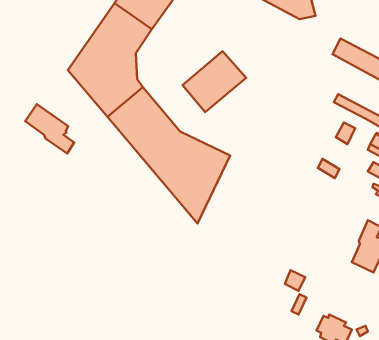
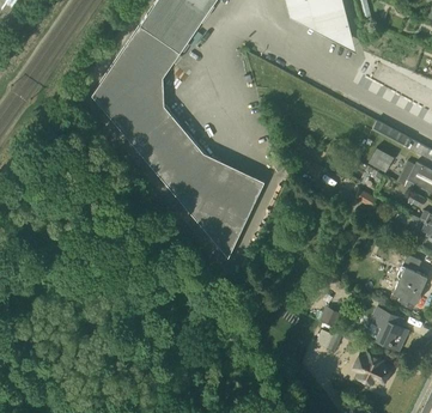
building: [183,51,246,112] -> none
building: [25,104,74,154] -> none
building: none -> [370,308,407,350]

